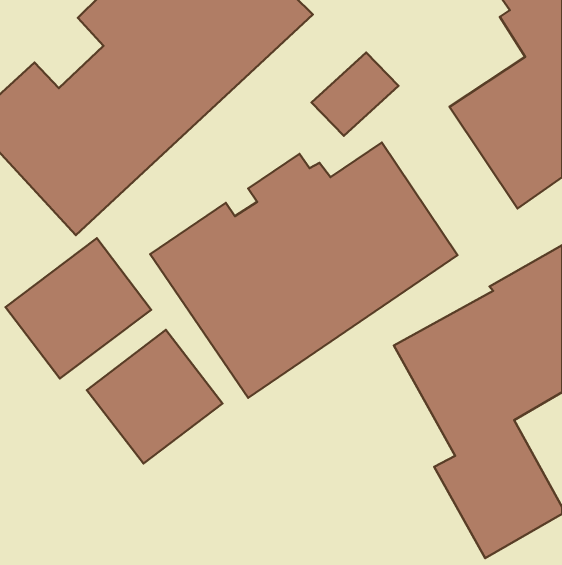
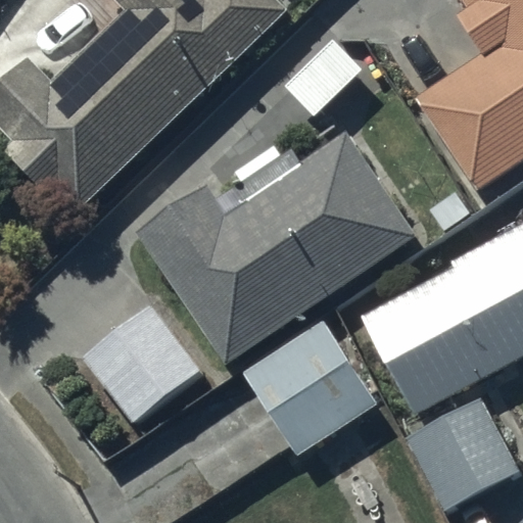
building: [5,238,151,379] -> none
building: none -> [242,319,380,458]

